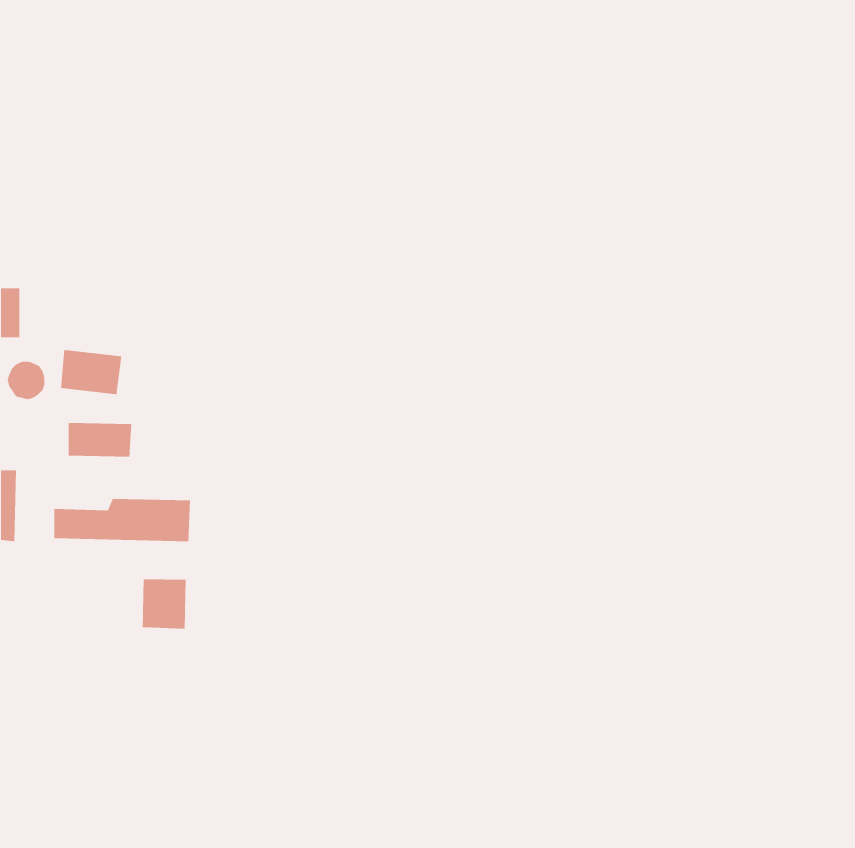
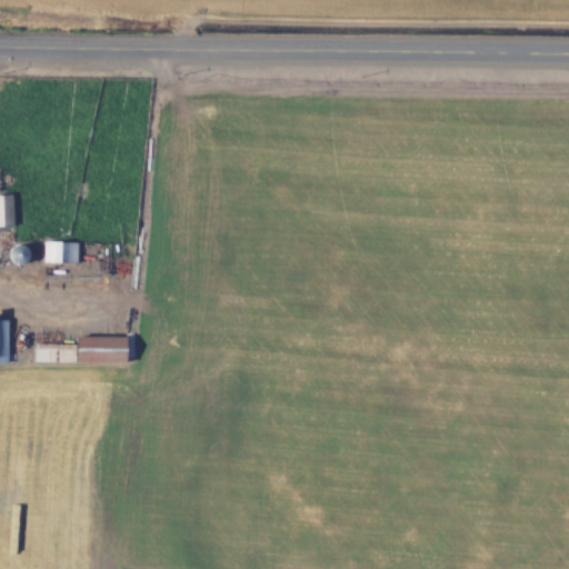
building: [68,422,132,457] -> none
building: [142,579,186,630] -> none

